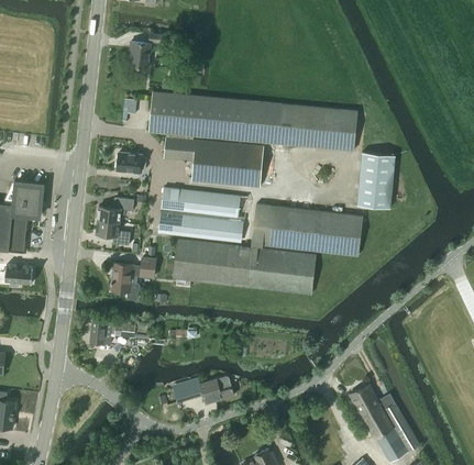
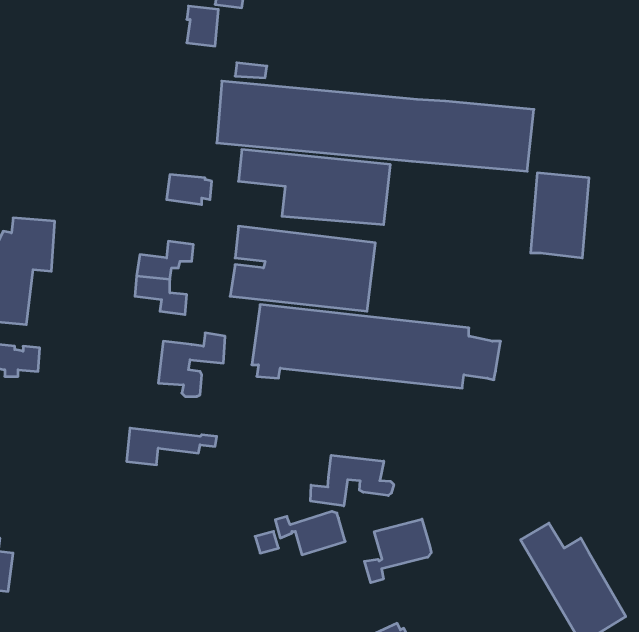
building: [252,203,362,256] -> none
building: none -> [311,455,394,506]
building: none -> [364,519,431,583]

